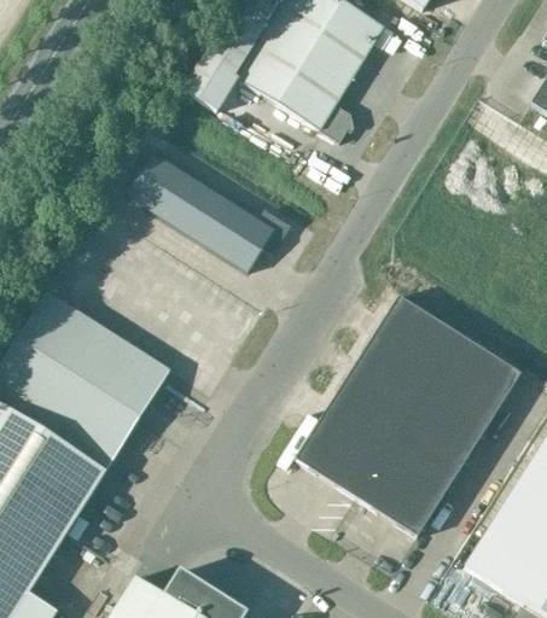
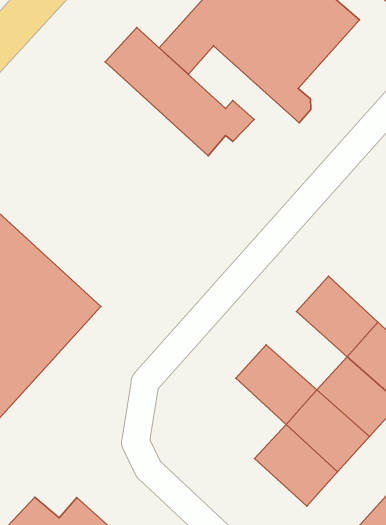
building: [126,151,290,270] -> [105,28,254,156]
building: [347,338,432,415] -> none
building: [295,418,382,497] -> none

